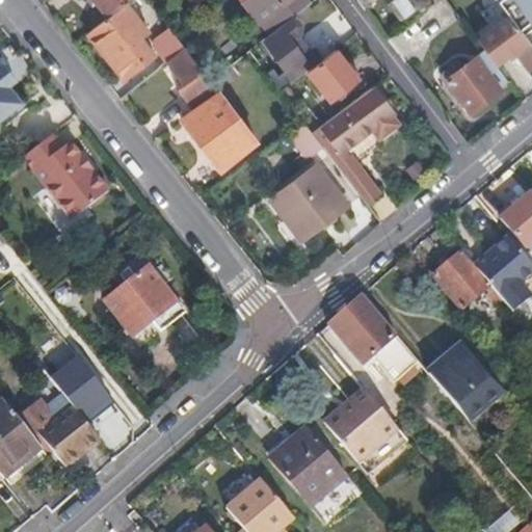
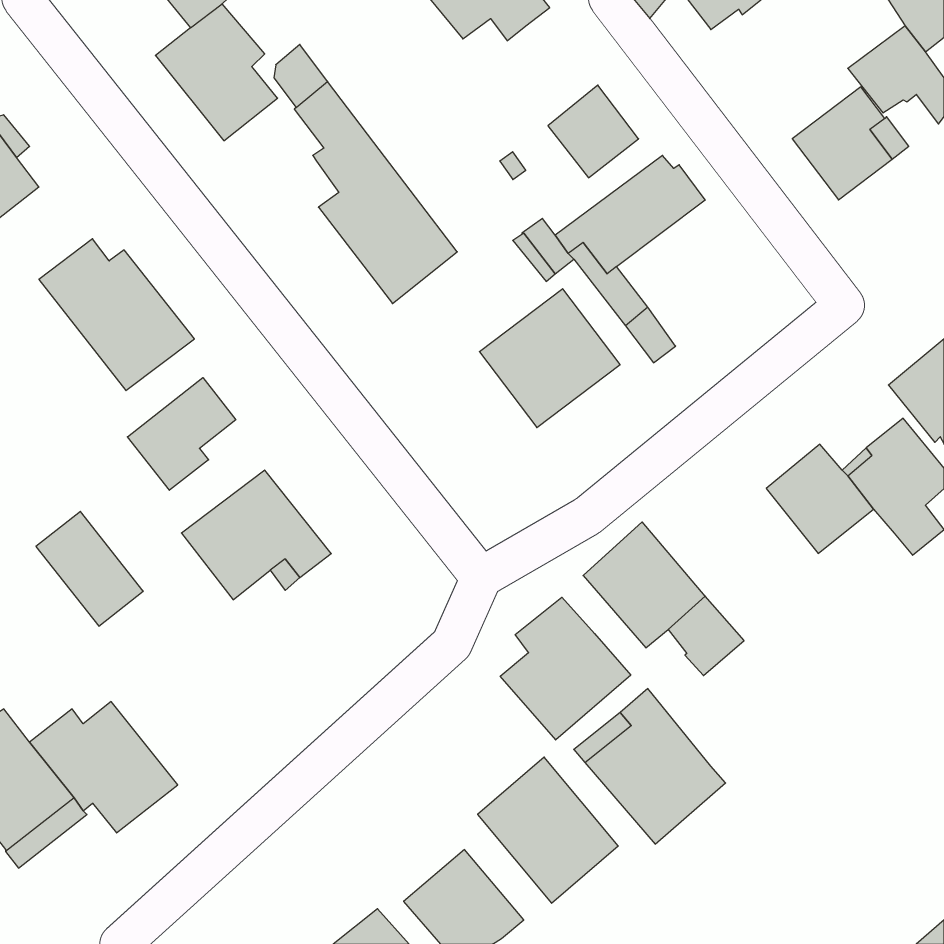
building: [263,15,321,86] -> none
building: none -> [127,378,236,490]
building: none -> [500,597,631,740]
building: [426,341,504,421] -> none
building: [51,355,111,420] -> [36,511,143,626]

